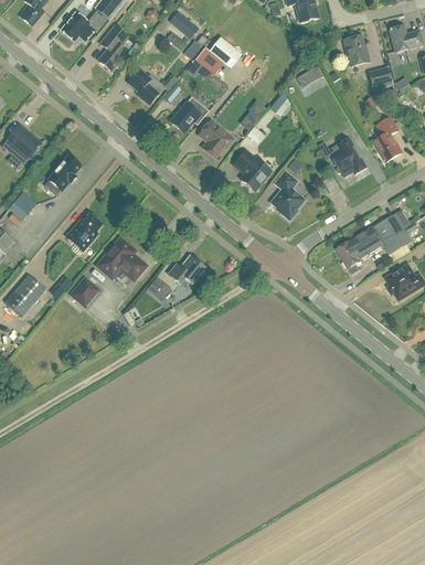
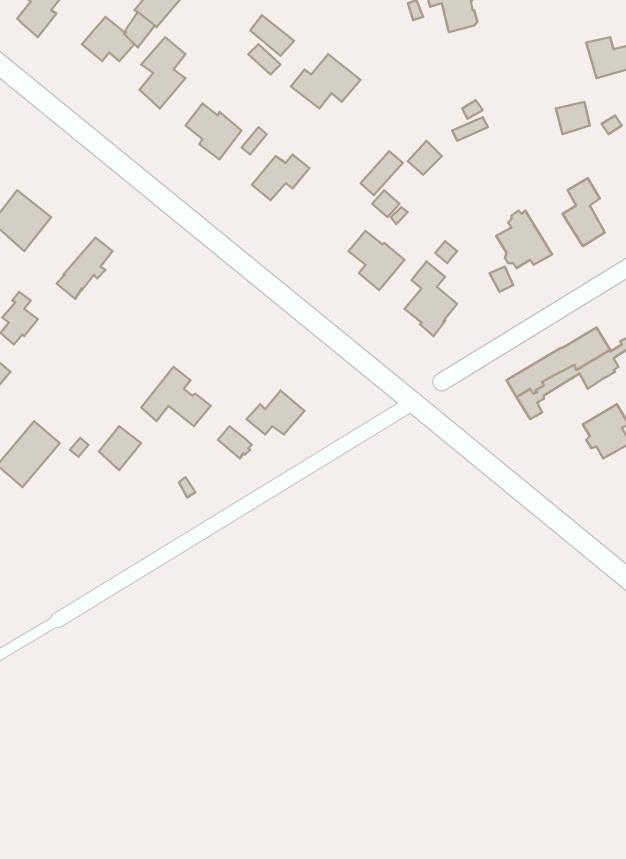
building: [343,35,370,66] -> none
building: [199,120,234,158] -> none
building: [66,214,102,250] -> none

